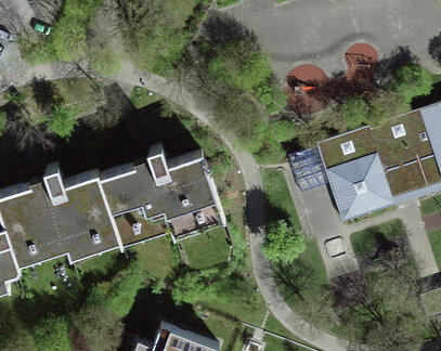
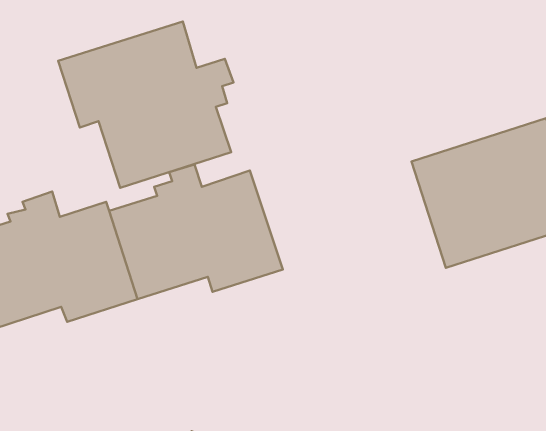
building: none -> [58,22,233,188]

